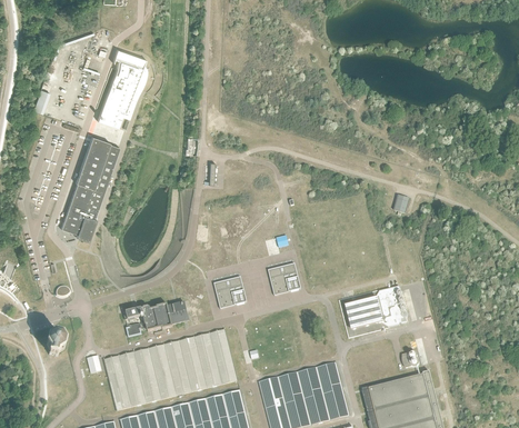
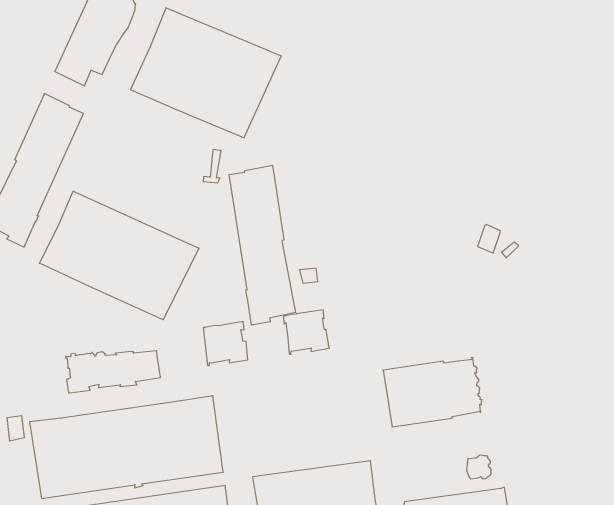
building: none -> [131,8,281,138]
building: none -> [229,165,296,325]
building: none -> [39,191,199,320]

